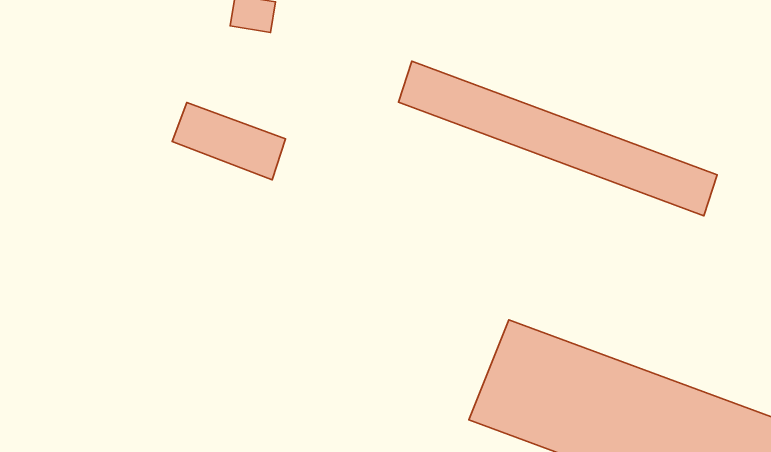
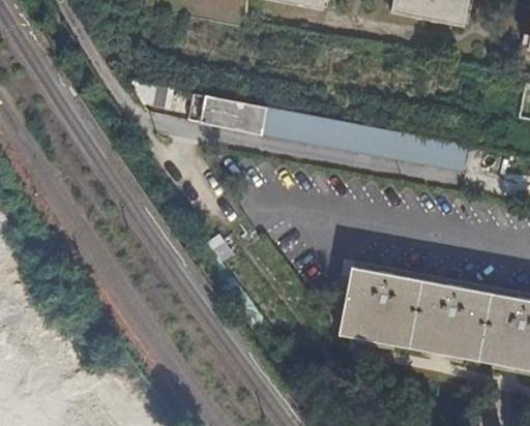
building: [172,103,286,180] -> [195,96,265,135]

